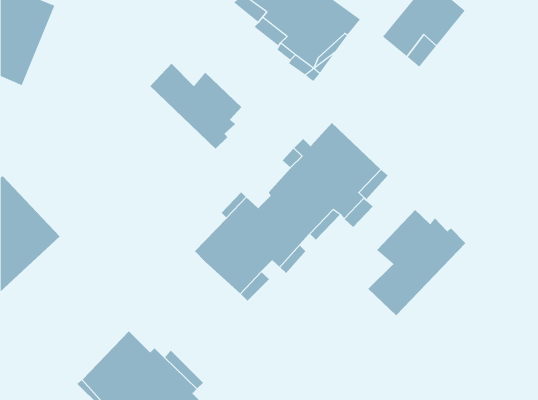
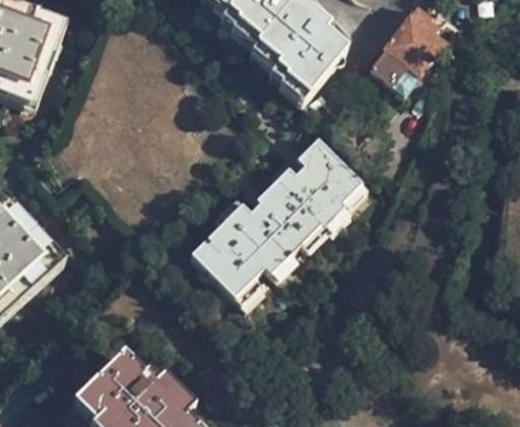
building: [150,63,242,149] -> none
building: [367,209,466,316] -> none

